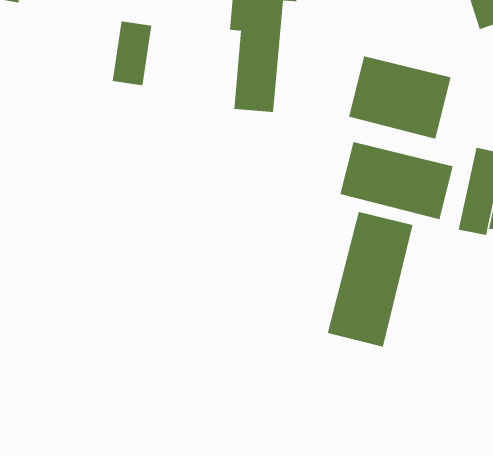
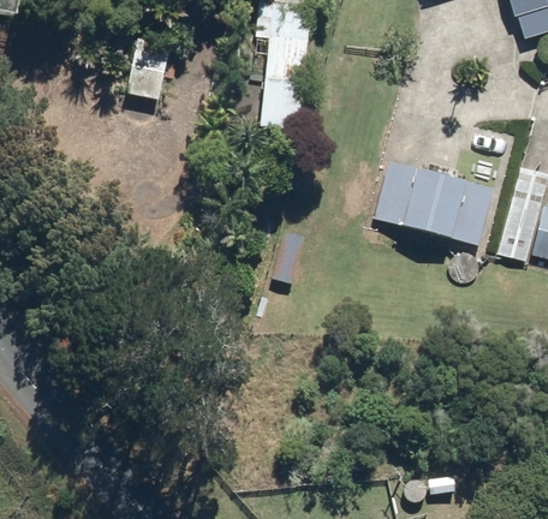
building: [349,56,451,140] -> none
building: [327,211,413,348] -> none

